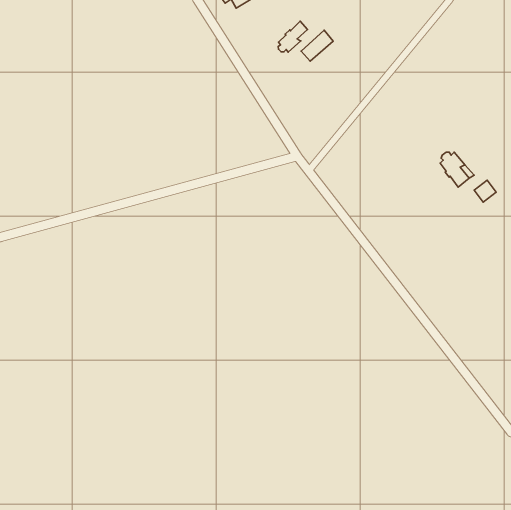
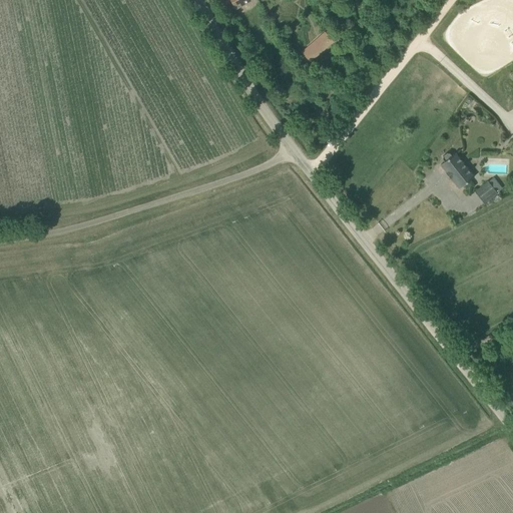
building: [278,21,308,52] -> none

